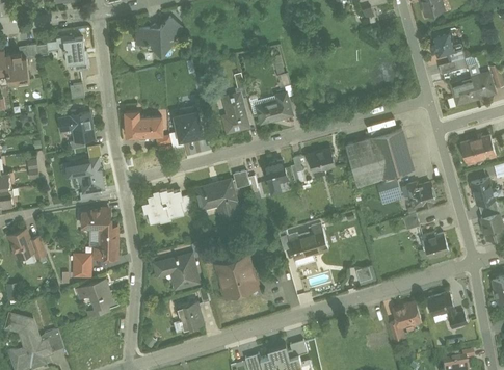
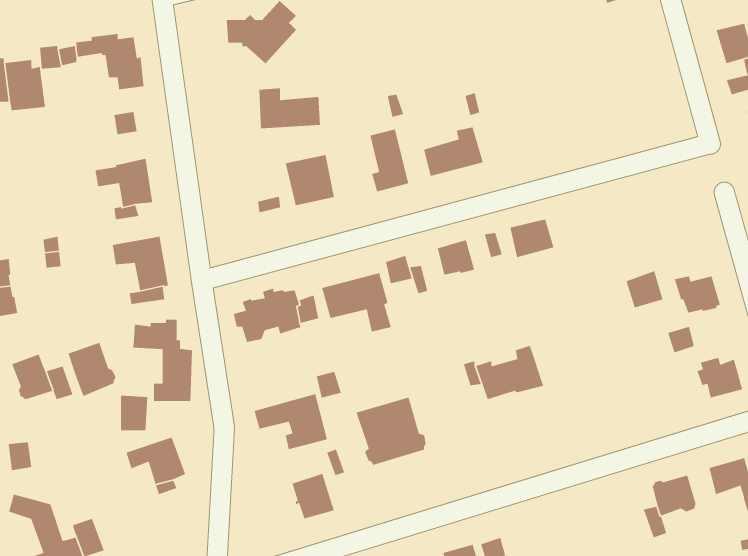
building: [125,111,162,136] -> [259,87,321,129]
building: [345,129,413,185] -> none
building: none -> [68,342,116,397]

